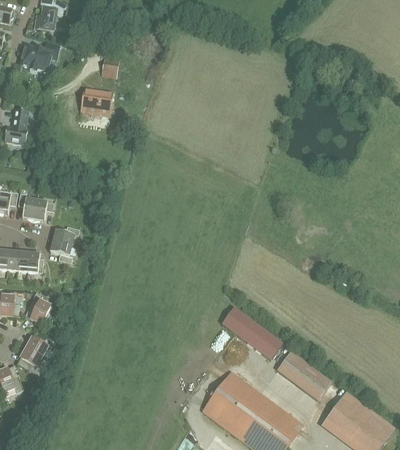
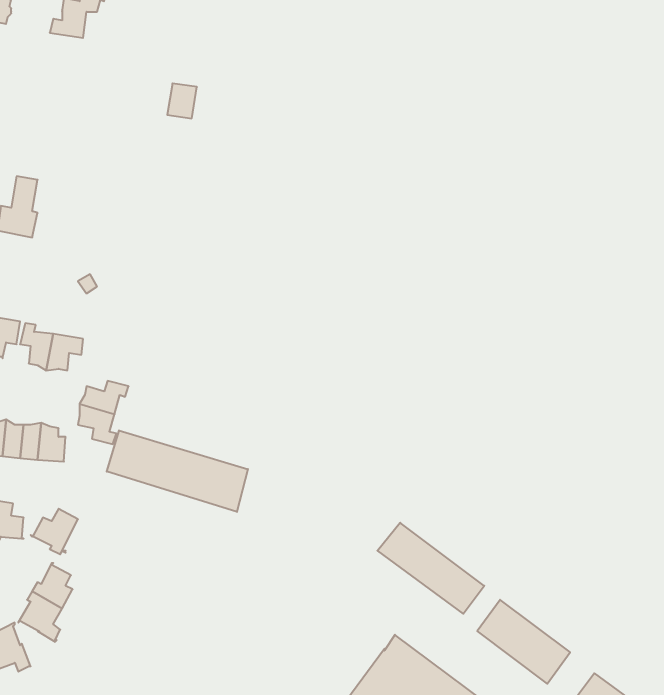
building: [20,42,59,71] -> none
building: [80,86,113,118] -> none
building: none -> [107,430,248,512]

